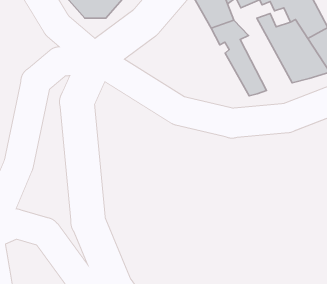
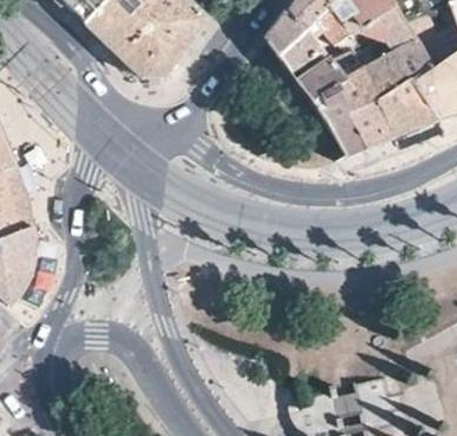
building: none -> [317,53,393,145]

